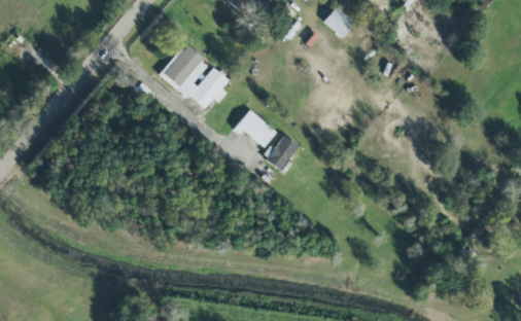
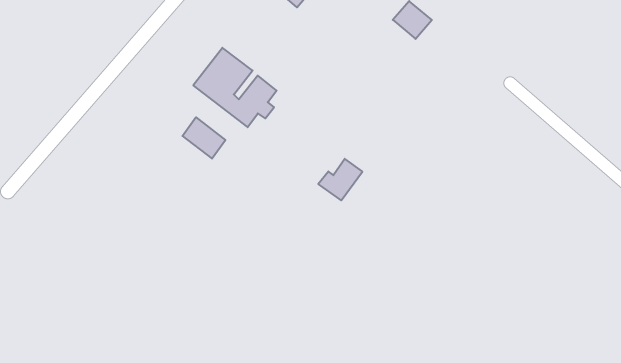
building: none -> [182,117,225,159]
building: [237,109,277,148] -> none

